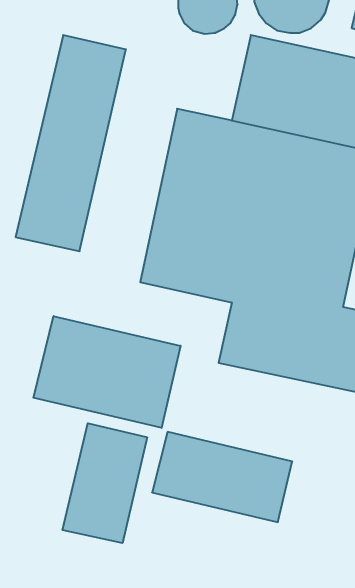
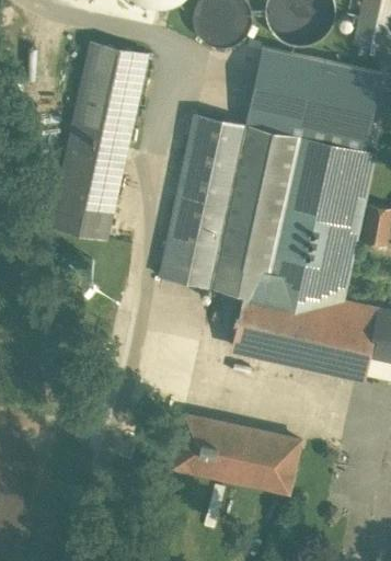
building: [33,316,181,428] -> none
building: [63,423,147,543] -> none

